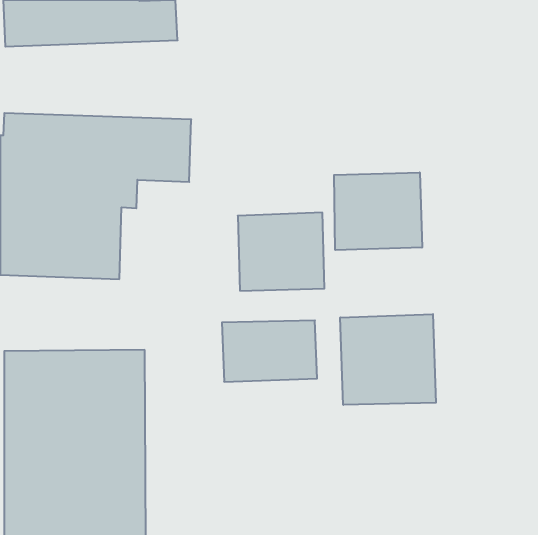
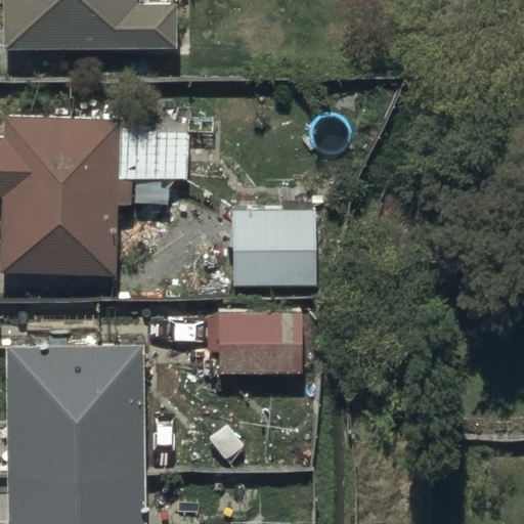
building: [334,172,422,250] -> none
building: [340,314,436,405] -> none

